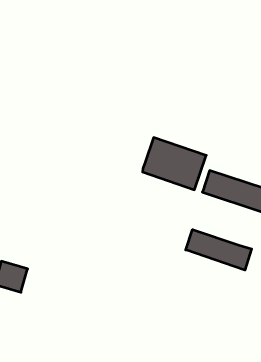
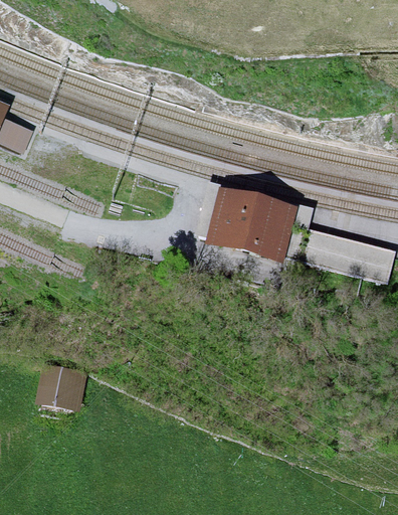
building: none -> [206,188,301,256]
building: [186,230,252,270] -> none

